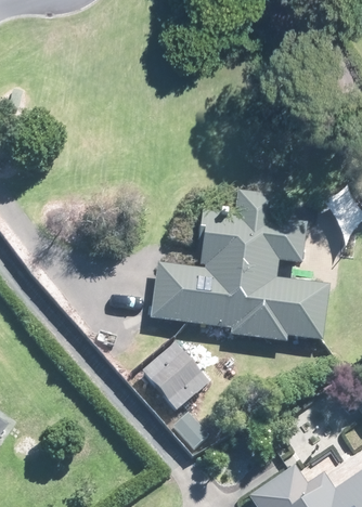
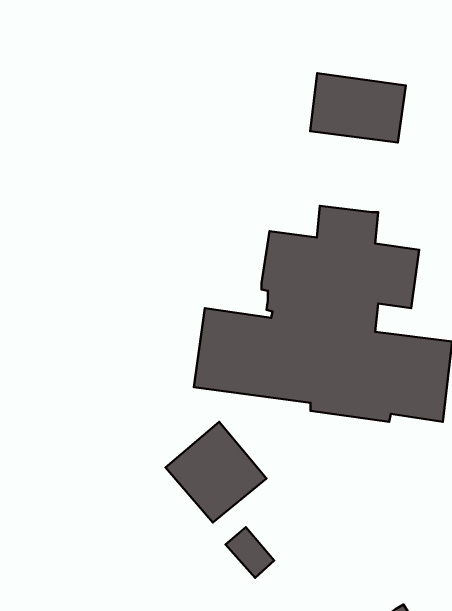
building: none -> [310,73,406,143]

